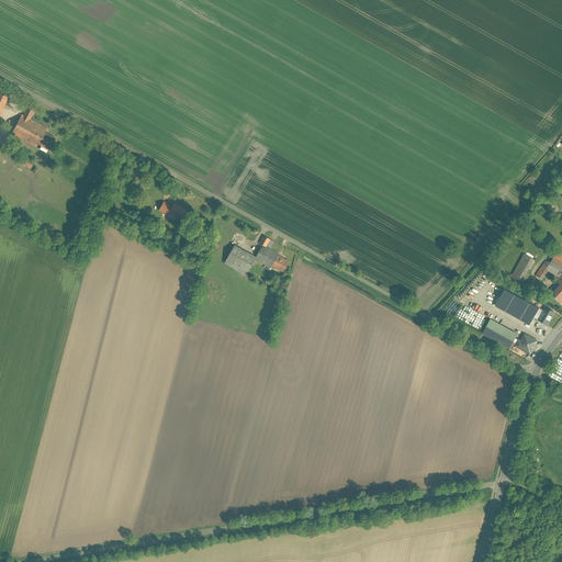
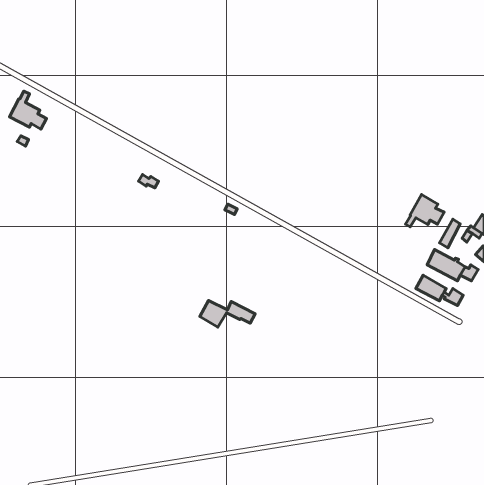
building: none -> [406,195,444,227]
building: [225,245,289,276] -> [200,300,255,327]

